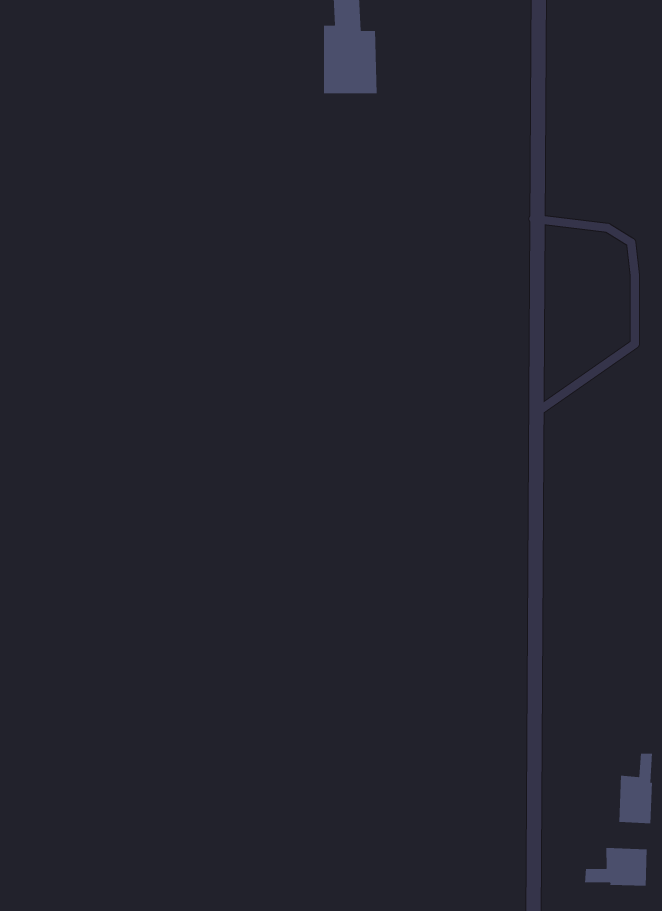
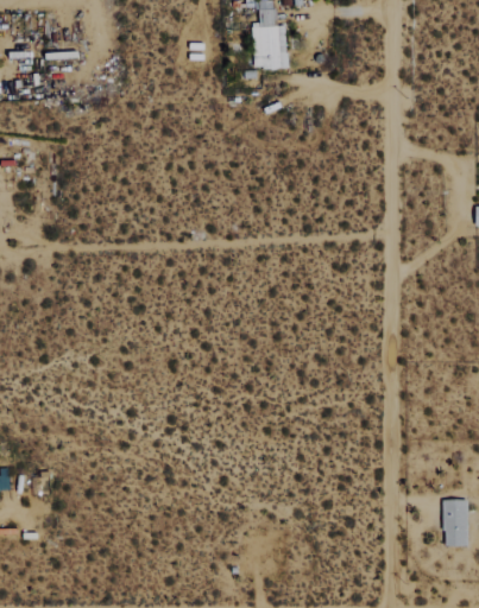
building: [584,847,647,887] -> none

